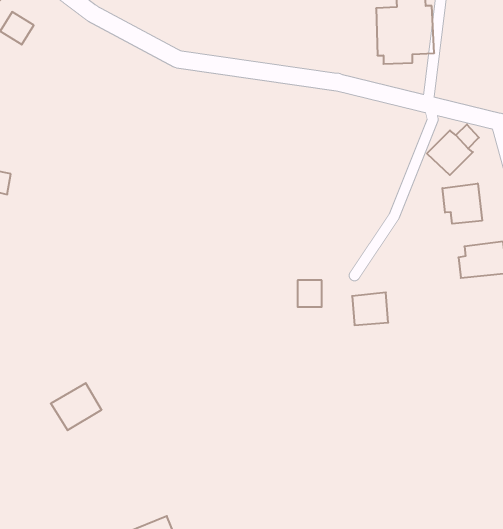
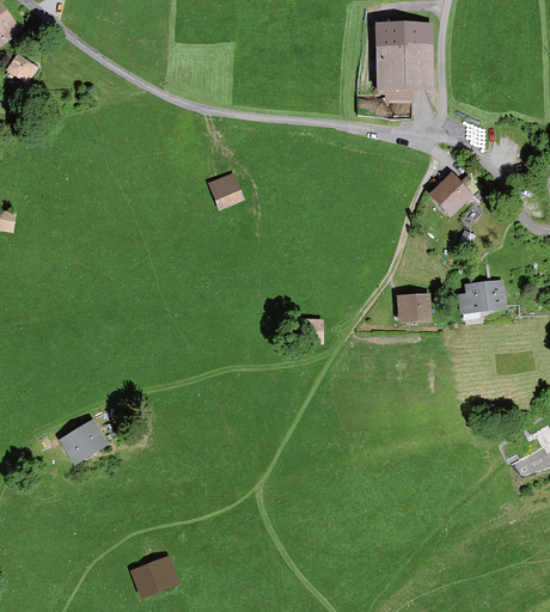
building: none -> [208,175,244,209]
building: [442,183,482,224] -> none
building: [352,292,388,325] -> [397,293,433,325]

